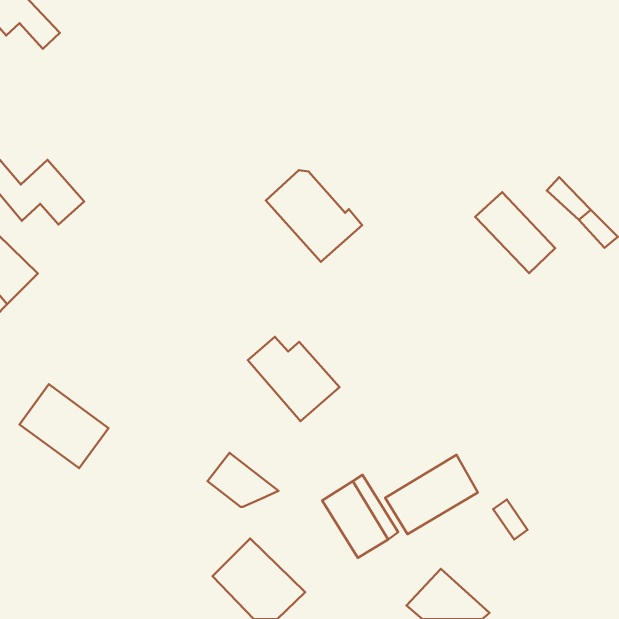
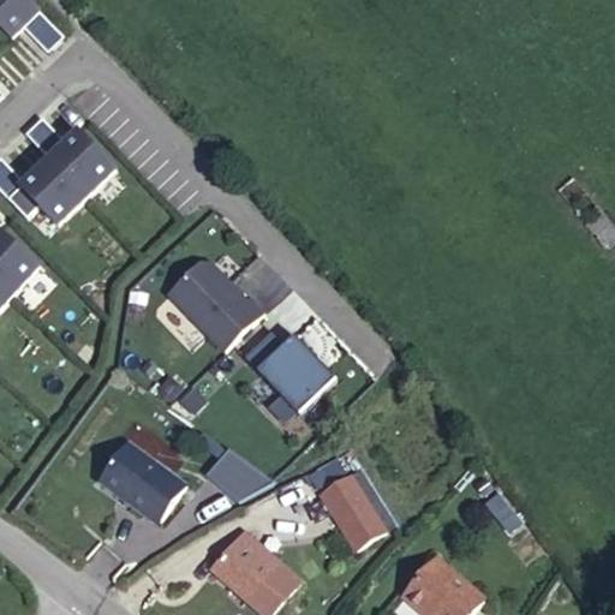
building: none -> [24,117,114,198]
building: [266,170,362,262] -> [167,257,262,347]
building: [475,192,555,273] -> none
building: [19,384,109,468] -> [97,440,185,523]
building: [385,455,478,534] -> none

